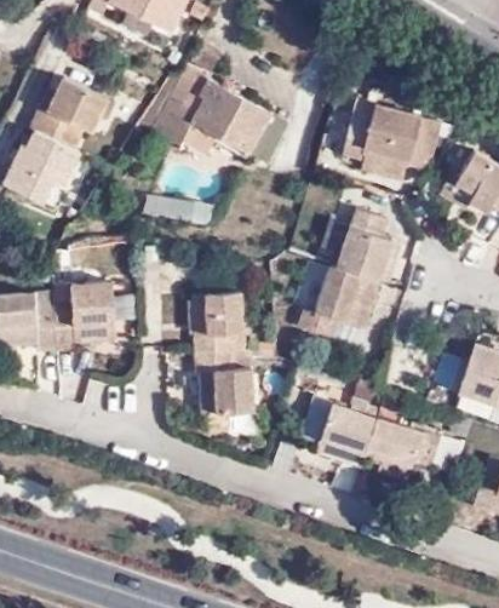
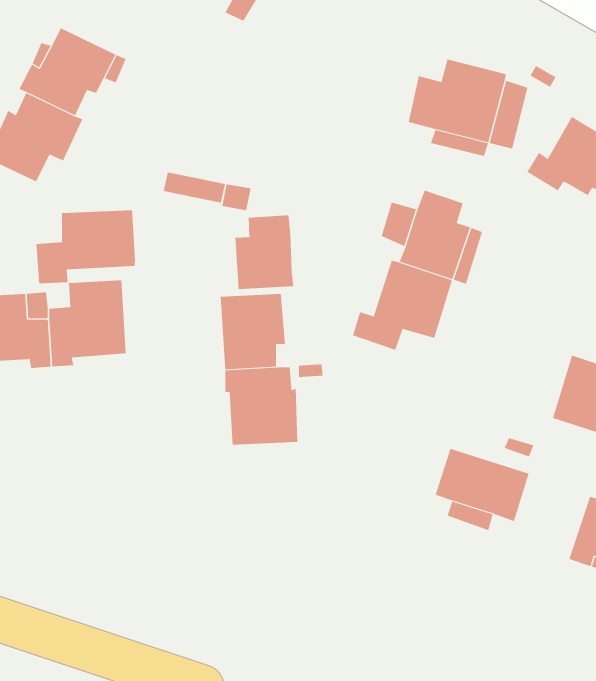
building: [151,68,274,155] -> none
building: none -> [36,209,136,284]
building: none -> [235,215,294,290]
building: [315,402,377,466] -> none

